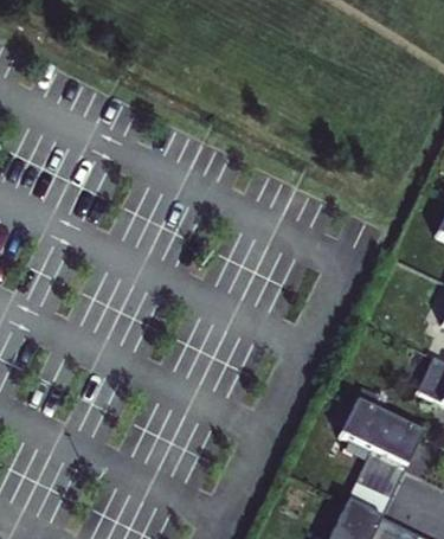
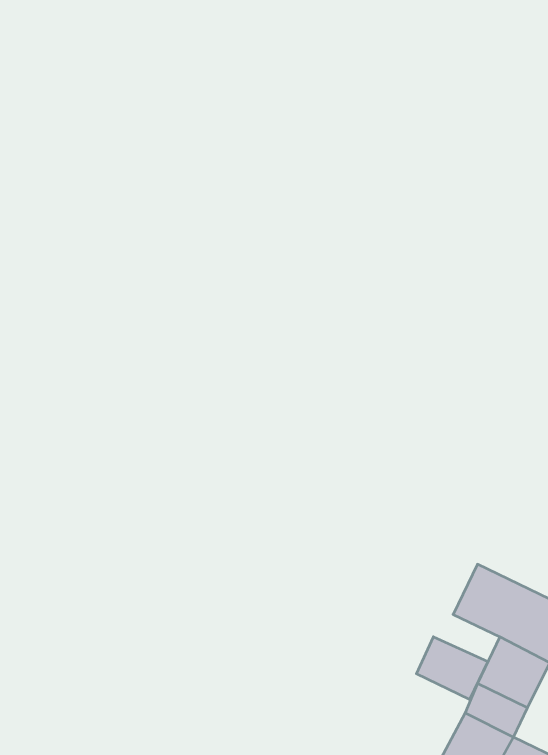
building: none -> [416,637,488,699]

